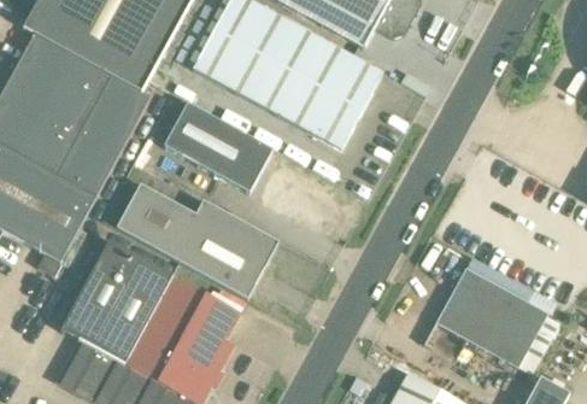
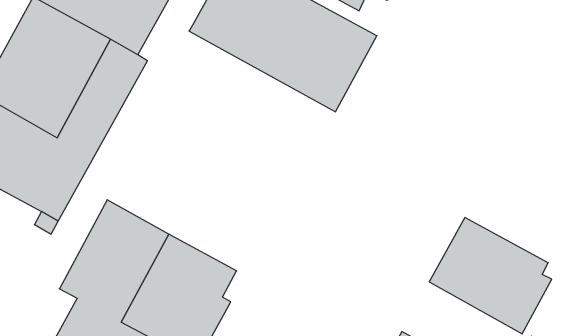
building: [164,101,274,192] -> none
building: [117,183,280,298] -> none

